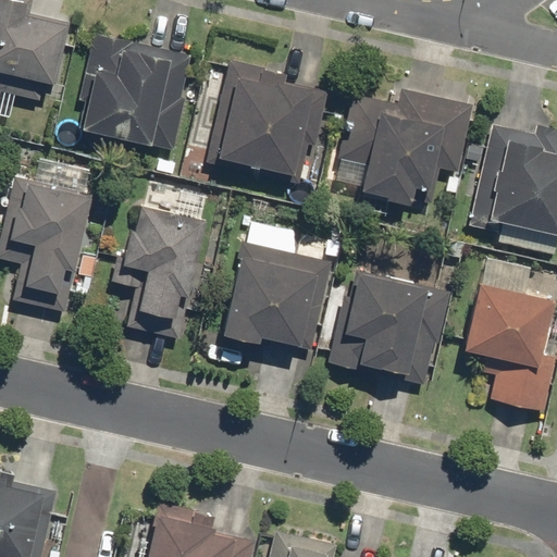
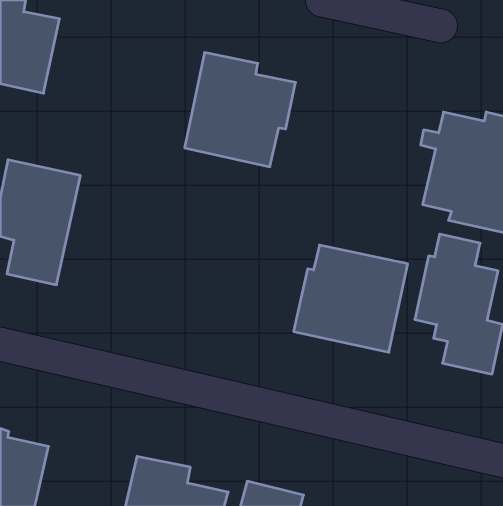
building: [77,33,193,151] -> none
building: [337,88,473,206] -> none
building: [110,201,206,339] -> none
building: [219,225,333,349] -> none

